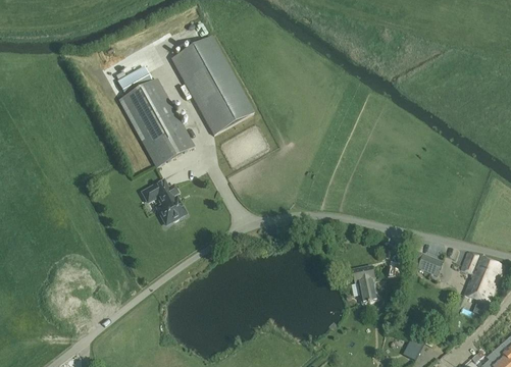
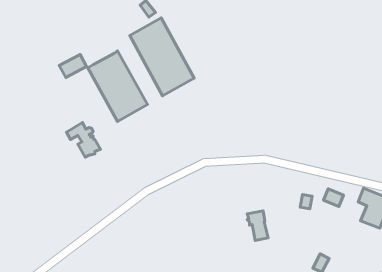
building: [117,65,152,95] -> [59,54,87,78]
building: [143,179,186,223] -> [67,123,100,157]
building: [352,265,378,303] -> [247,211,268,240]

